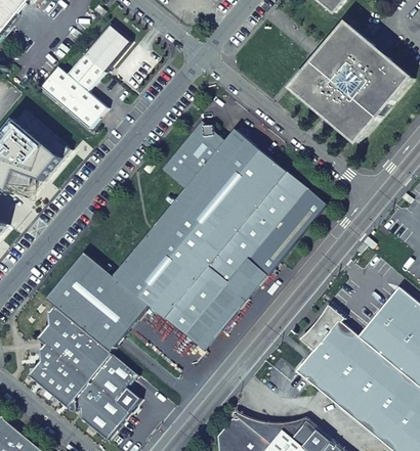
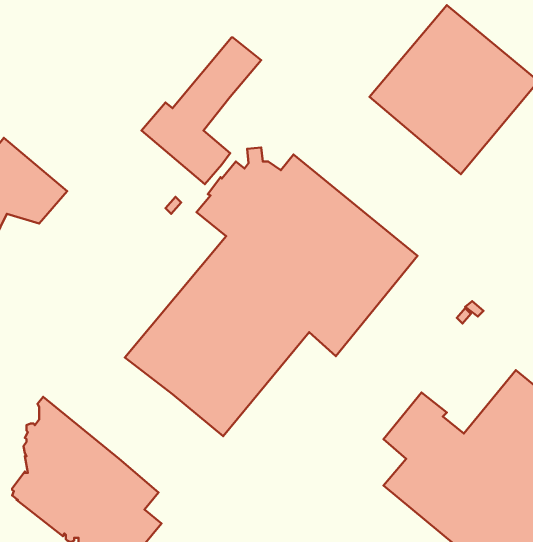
building: [43,24,130,130] -> [142,38,261,184]
building: [44,253,146,351] -> none
building: [183,259,265,351] -> none

